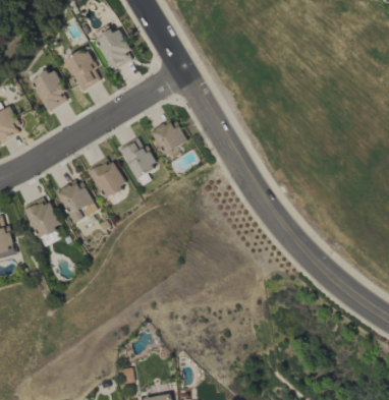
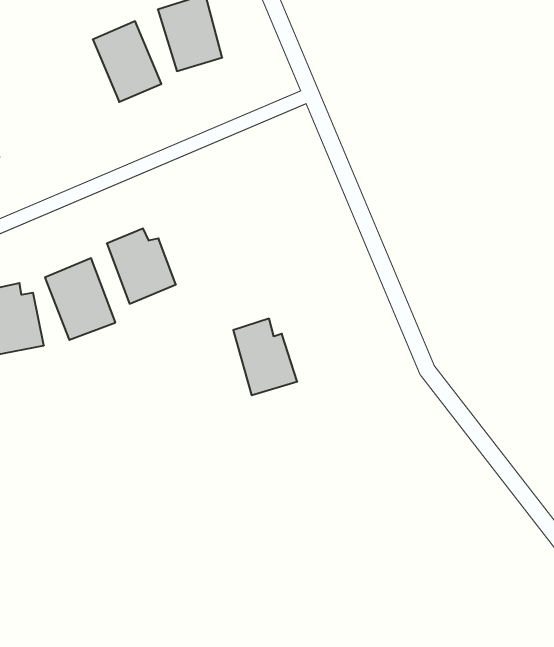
building: [31,69,69,111] -> none
building: [151,118,187,155] -> none
building: [119,137,158,180] -> [233,319,297,395]

